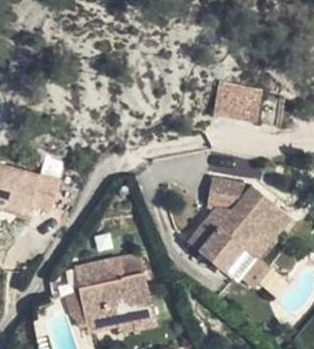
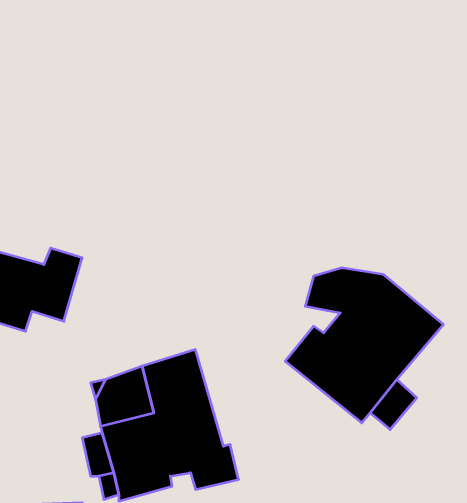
building: [213,83,261,127] -> none

